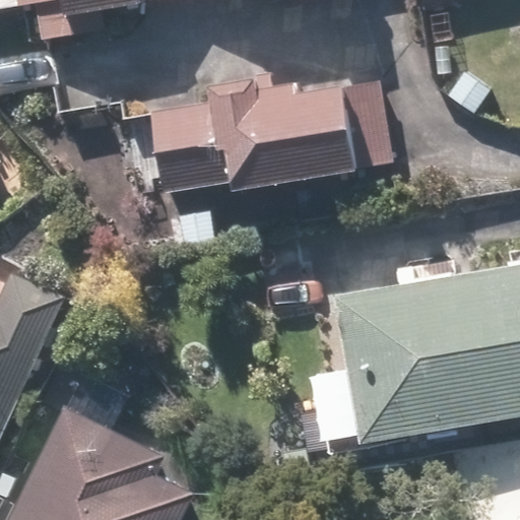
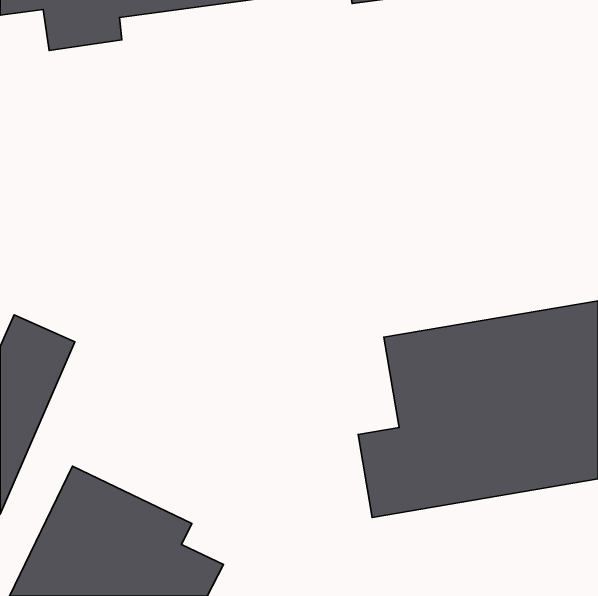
building: [154,72,361,197] -> none

